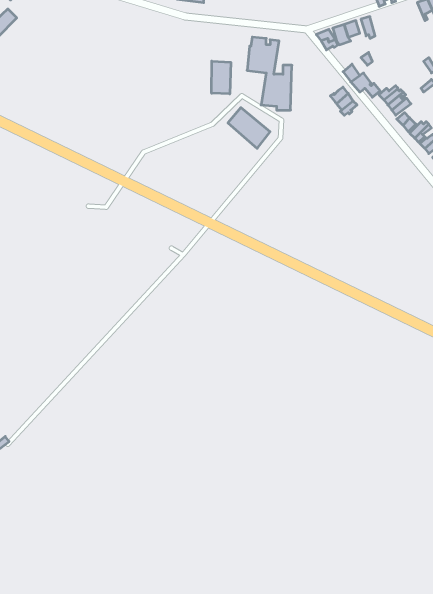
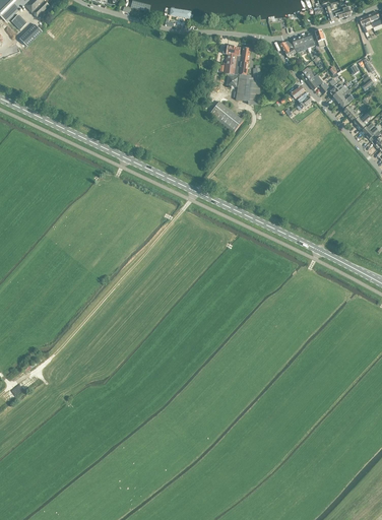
building: [212,61,231,94] -> none

